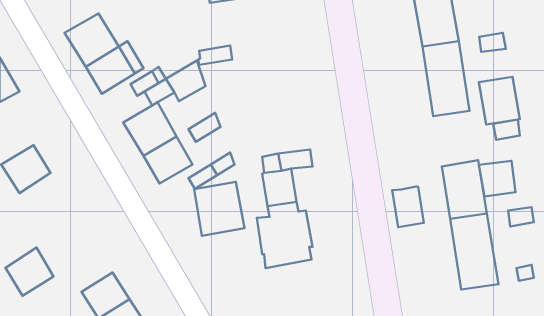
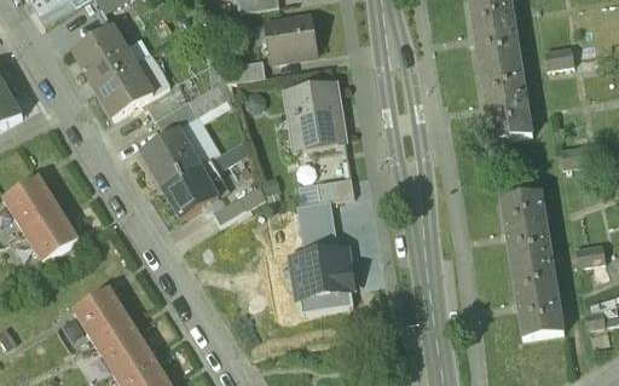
building: none -> [264,17,314,62]
building: none -> [284,81,346,150]
building: [479,77,520,124] -> none
building: [479,161,516,196] -> none
building: none -> [23,204,79,259]
building: [194,182,245,236] -> none
building: [392,186,424,227] -> none
building: [5,248,54,296] -> [74,284,128,339]

